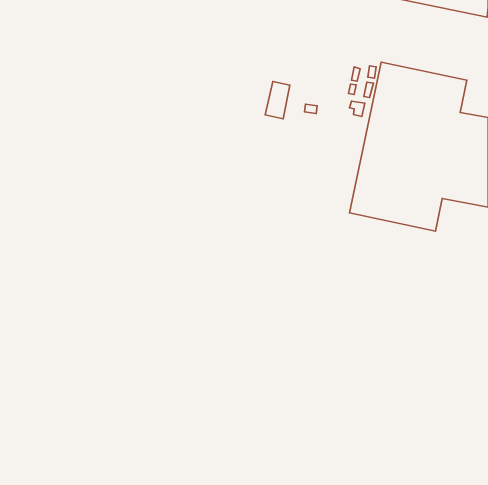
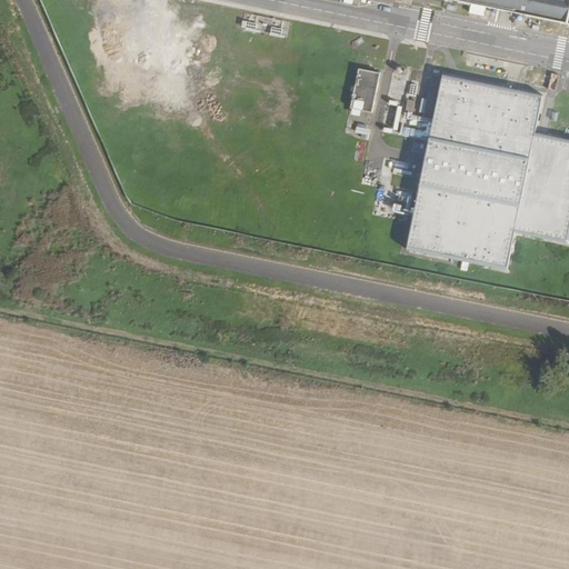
building: [265,81,290,119] -> [351,67,380,110]

